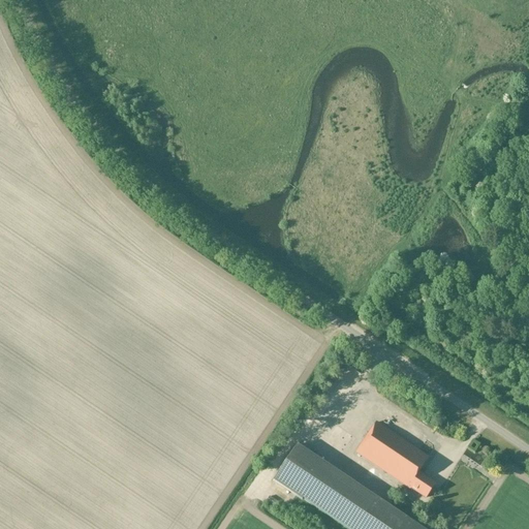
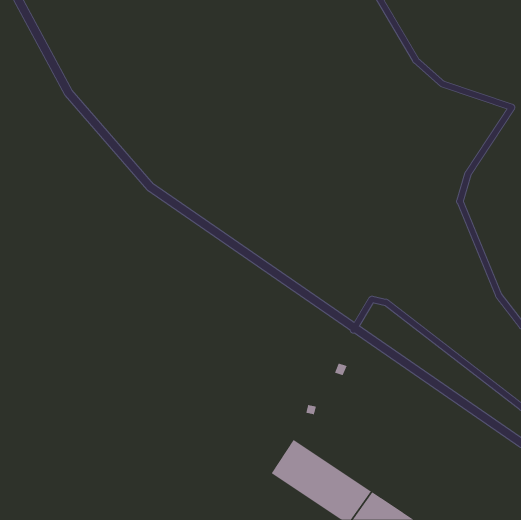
building: [356,422,436,497] -> none

